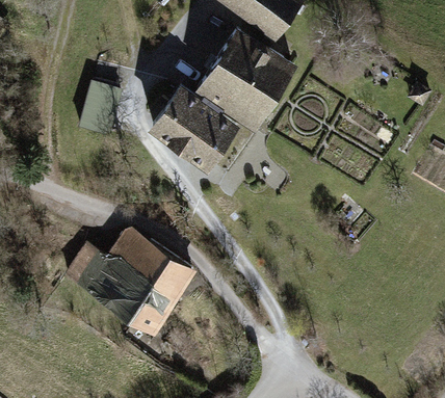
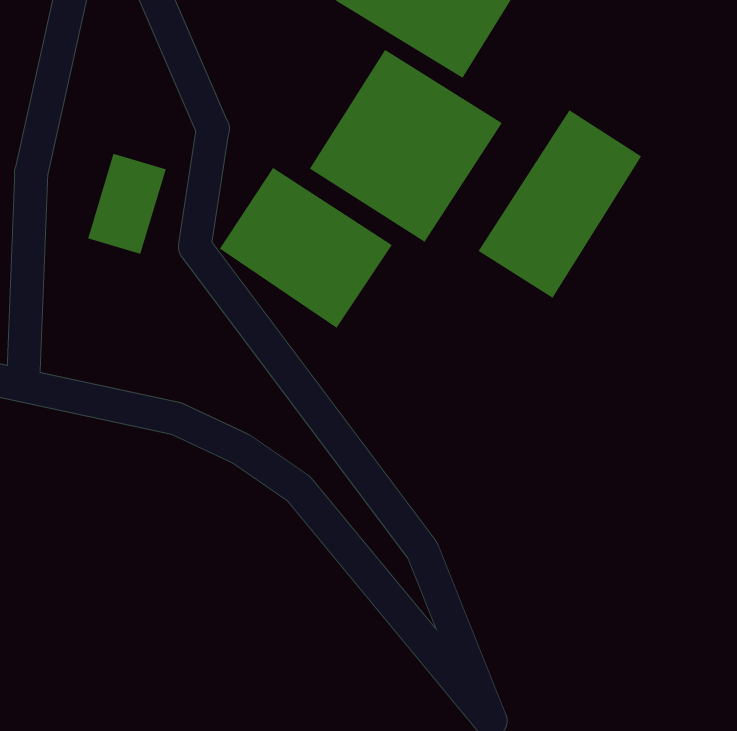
building: none -> [478,109,642,299]
building: [67,225,198,337] -> none

